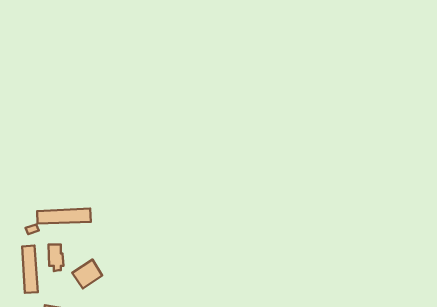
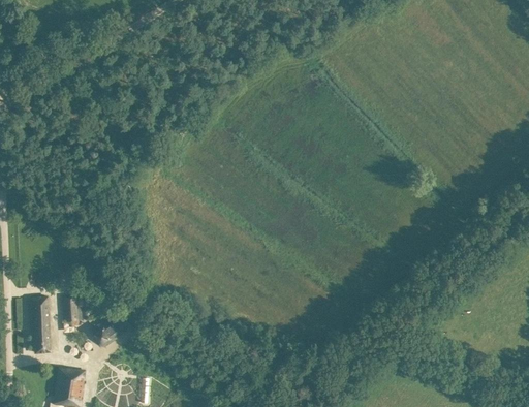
building: [37,208,91,223] -> none

